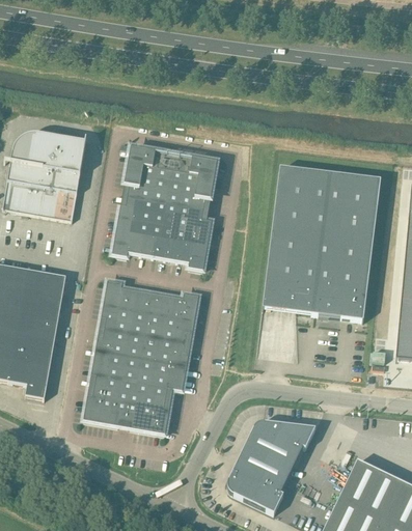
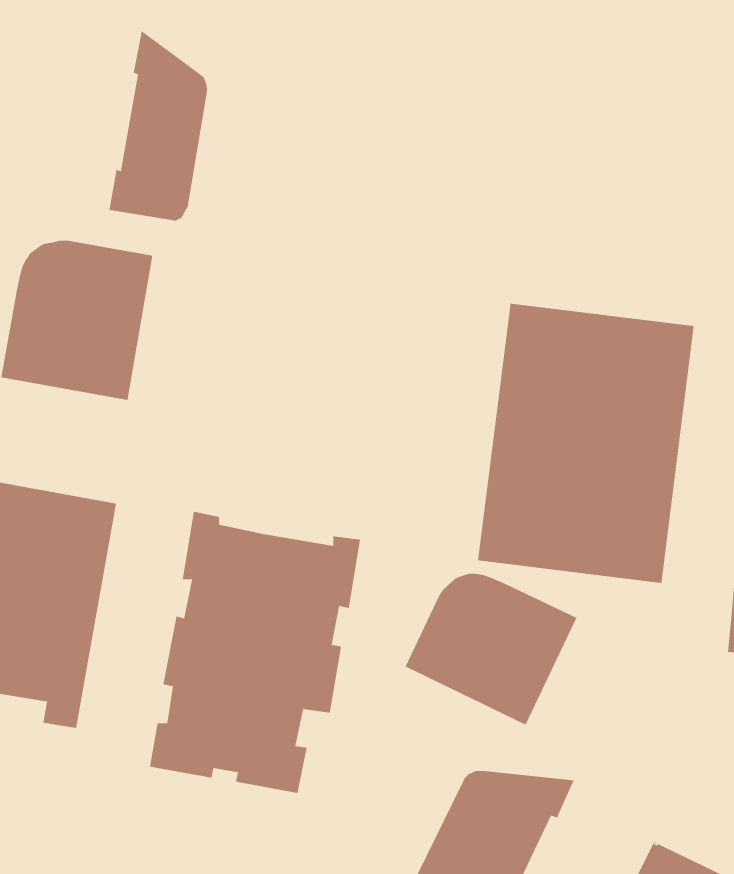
building: none -> [109,30,208,222]
building: [113,146,217,269] -> none
building: none -> [405,573,577,726]

